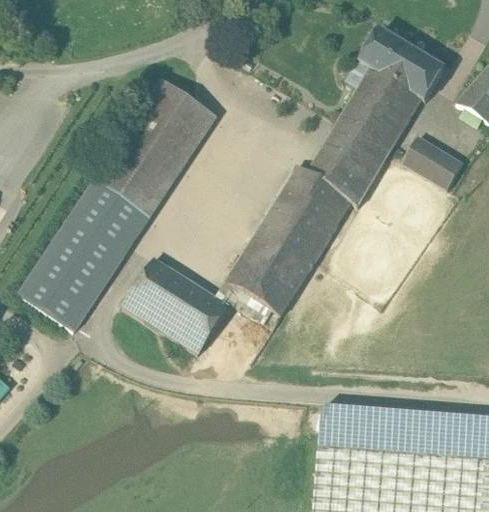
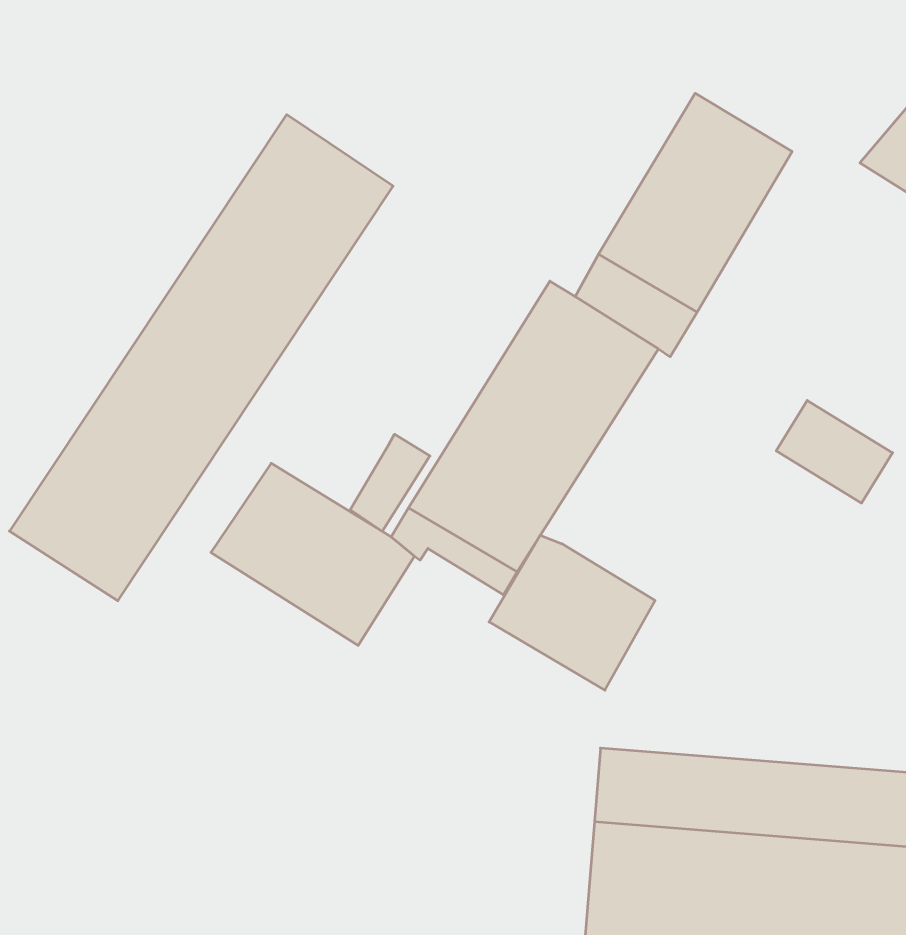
building: [362,30,446,101] -> none
building: [404,136,464,189] -> [776,400,893,503]
building: none -> [350,434,430,531]
building: none -> [489,535,655,690]

